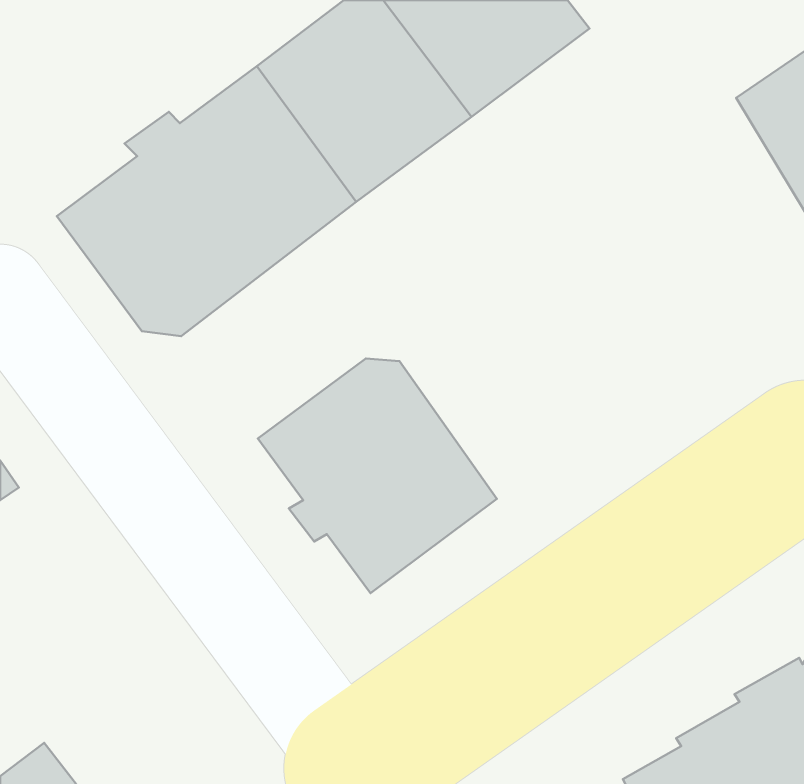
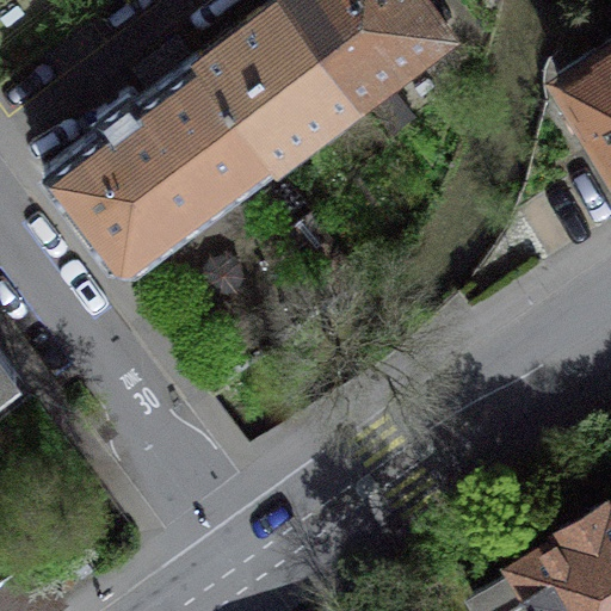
building: [258,359,497,593] -> none

